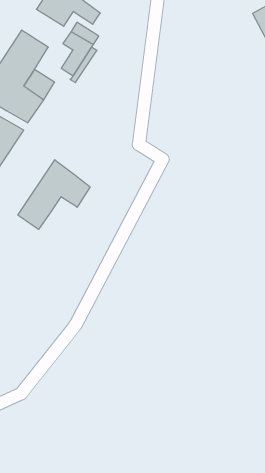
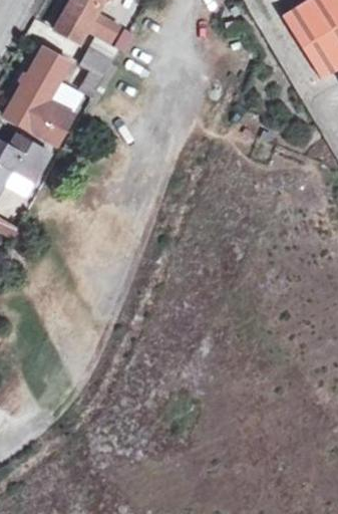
building: [18,160,90,229] -> none

